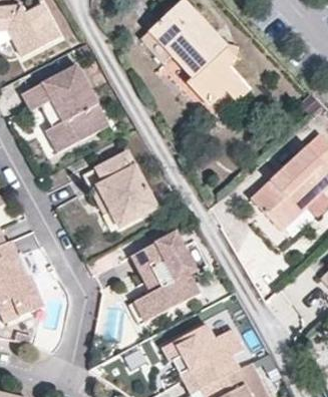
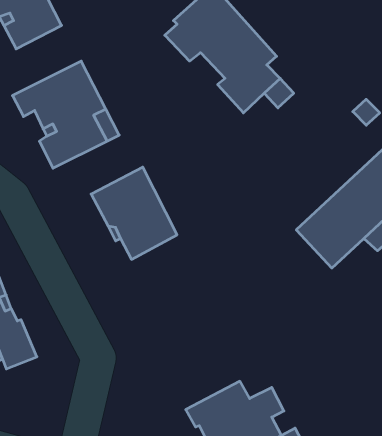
building: [128,231,199,323] -> none

